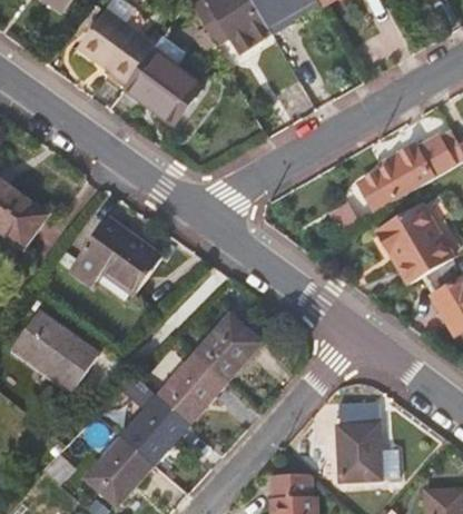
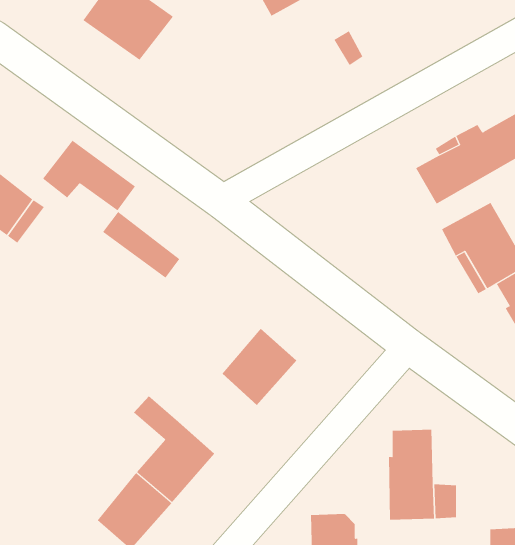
building: [124,51,199,122] -> none
building: [66,234,146,295] -> [42,140,136,211]
building: [14,309,96,387] -> none
building: [157,355,224,424] -> none

